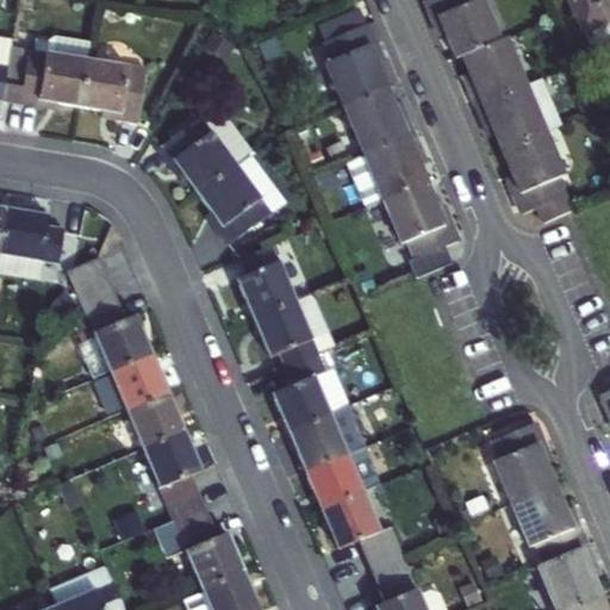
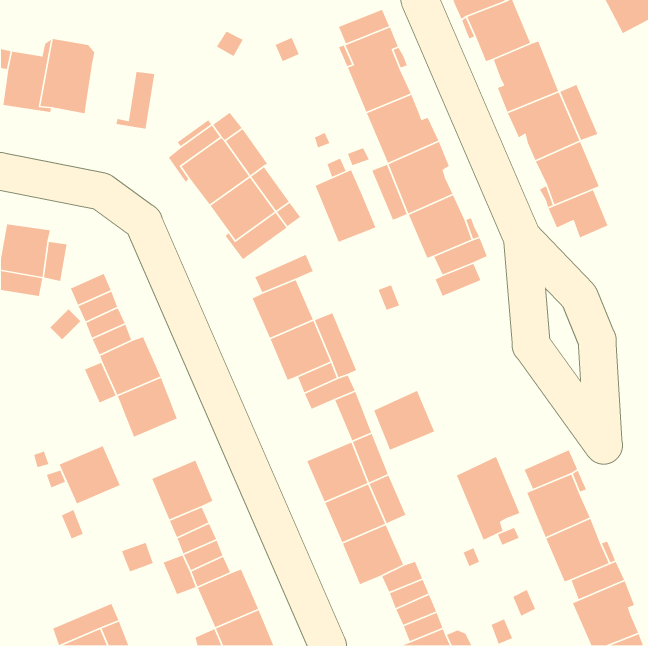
building: [81,60,129,113] -> none
building: none -> [314,169,376,243]
building: [273,375,331,432] -> [373,390,435,451]
building: [126,393,185,449] -> [59,445,121,505]
building: none -> [456,456,520,541]

